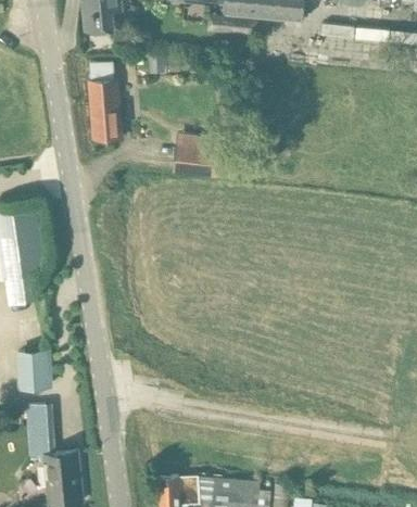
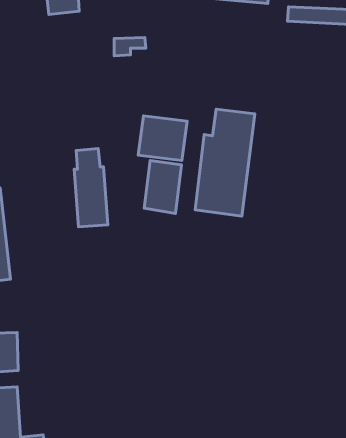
building: [88,63,122,141] -> [74,148,108,227]
building: none -> [195,109,255,216]
building: none -> [144,161,182,214]

